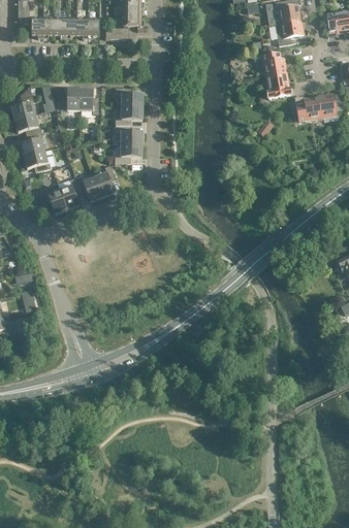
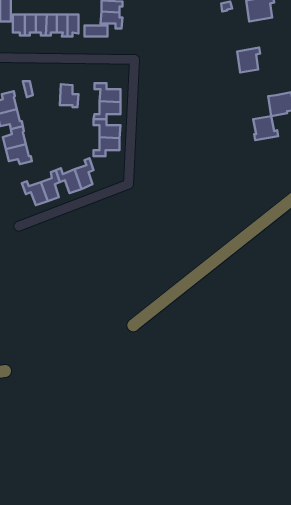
building: [274,19,302,44] -> none
building: [265,72,291,97] -> [253,116,278,140]
building: [55,88,80,110] -> none

